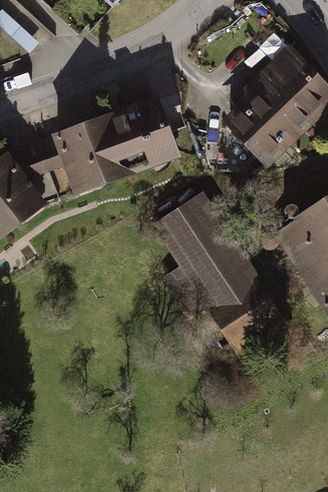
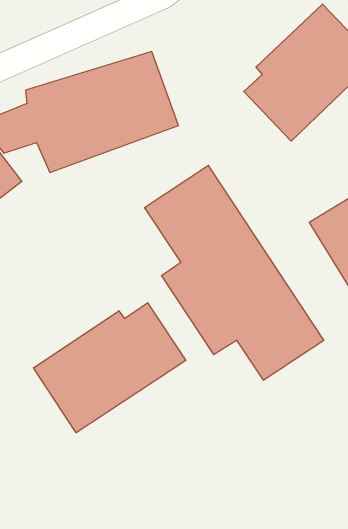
building: none -> [33,303,186,433]

